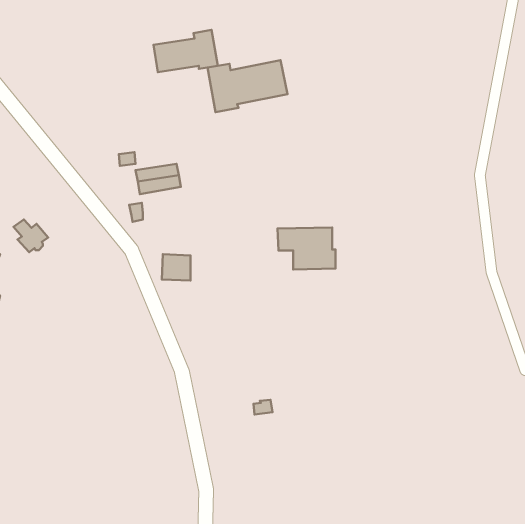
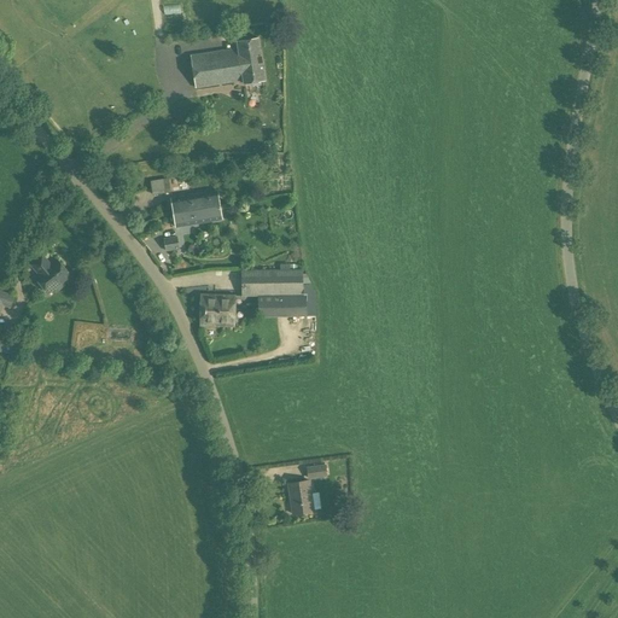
building: [207,60,287,112] -> none
building: [278,227,335,270] -> [239,269,305,317]
building: none -> [287,480,311,514]

